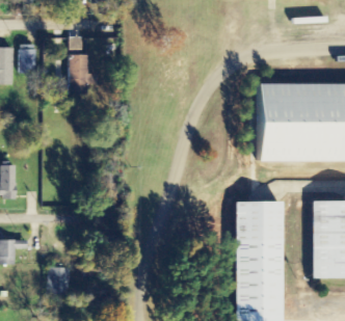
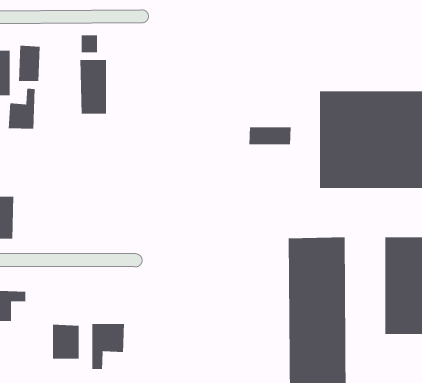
building: none -> [8,88,35,130]
building: none -> [249,127,291,145]
building: none -> [92,323,124,370]

